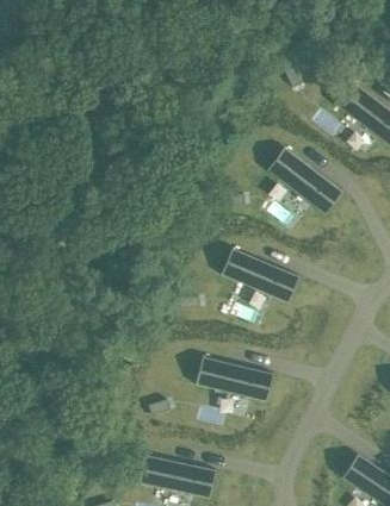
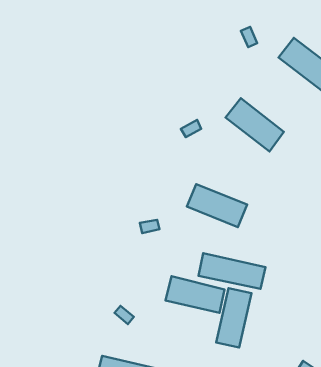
building: none -> [199,253,266,289]
building: none -> [216,288,251,348]

